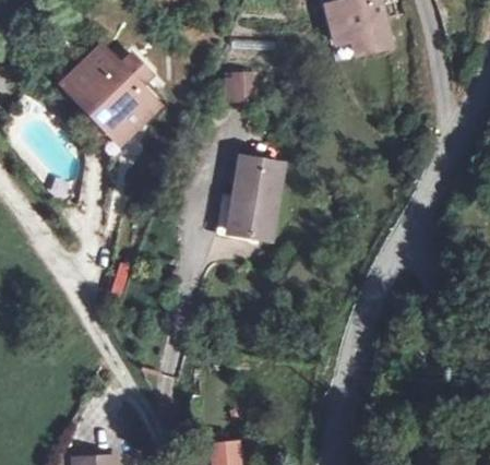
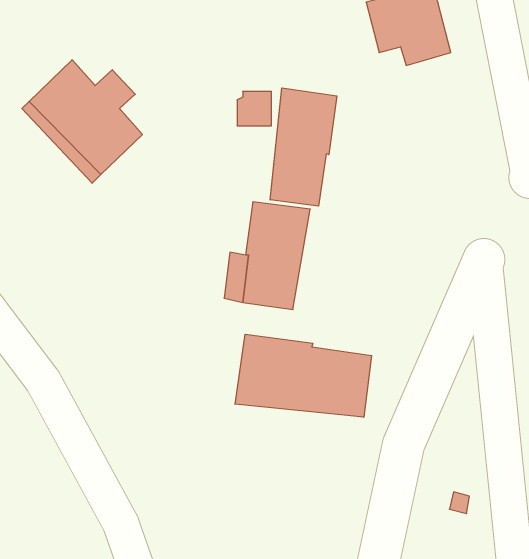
building: none -> [270,88,337,206]
building: none -> [235,334,372,417]

